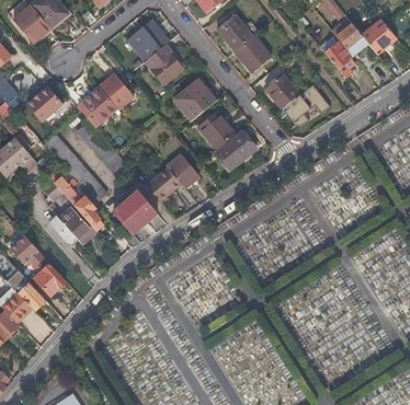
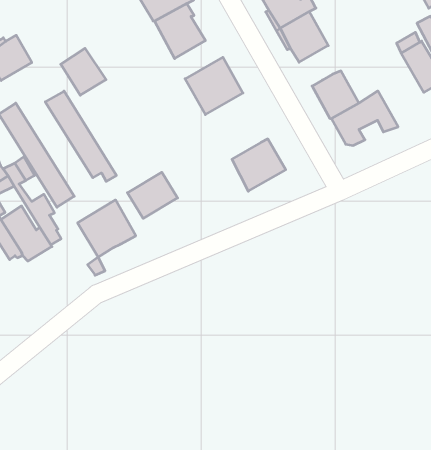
building: [100,72,135,108] -> none
building: [197,111,235,149] -> none
building: [167,153,200,187] -> none

